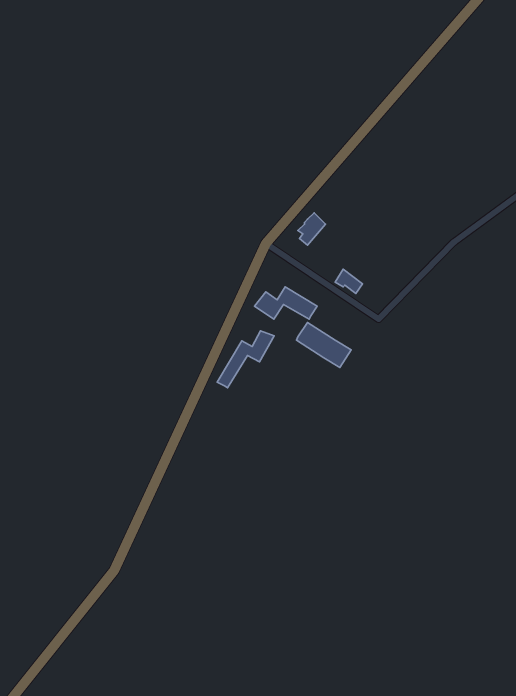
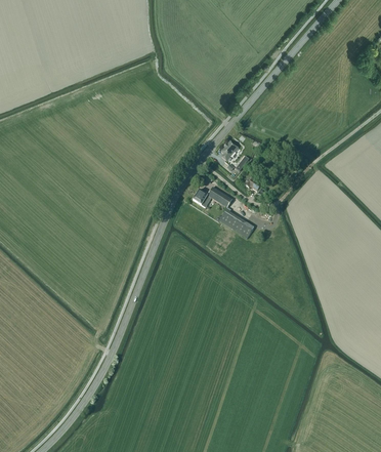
building: [217,331,274,388] -> none

